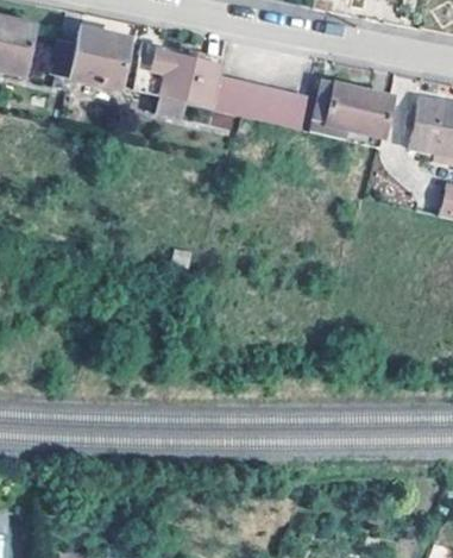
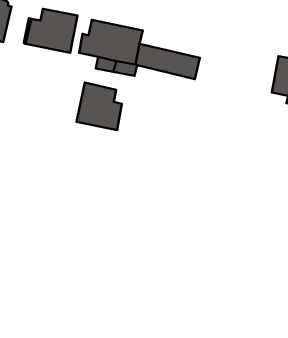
building: [310,81,392,148] -> none
building: none -> [76,83,122,130]

